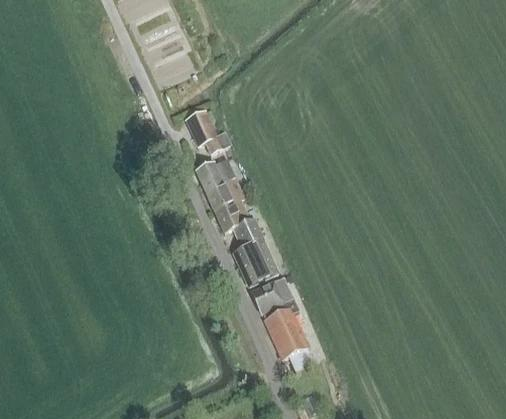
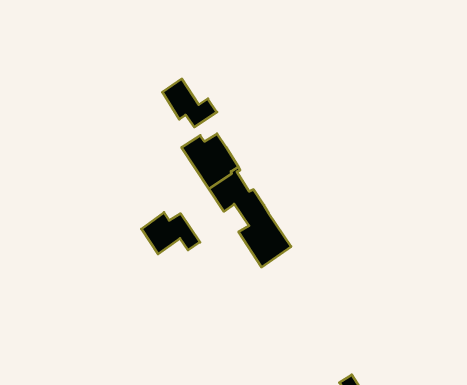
building: none -> [141,212,200,254]
building: [250,276,308,358] -> none

